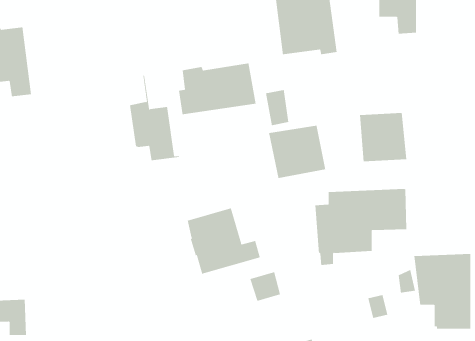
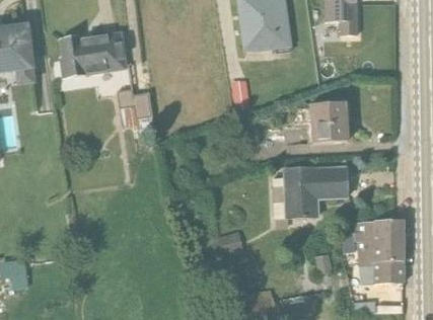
building: [178,63,256,115] -> [58,36,124,80]
building: [268,125,326,179] -> none
building: [187,207,261,274] -> none

